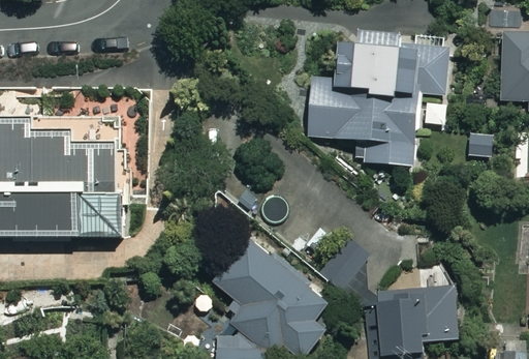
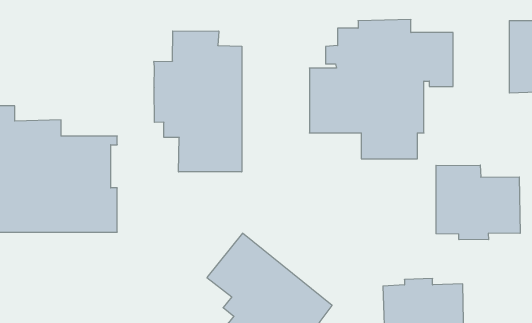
building: none -> [154,31,242,172]
building: none -> [436,165,520,240]

